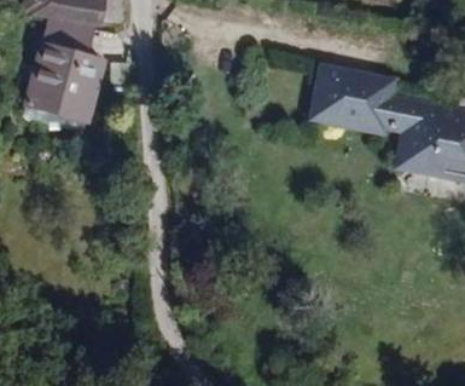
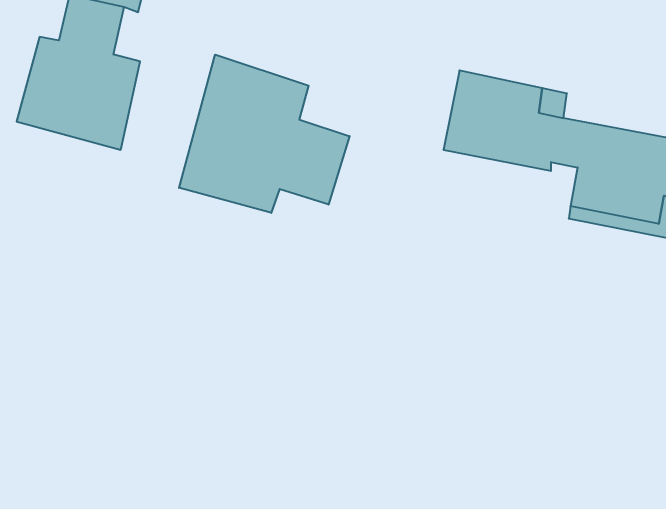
building: none -> [179,55,350,213]

